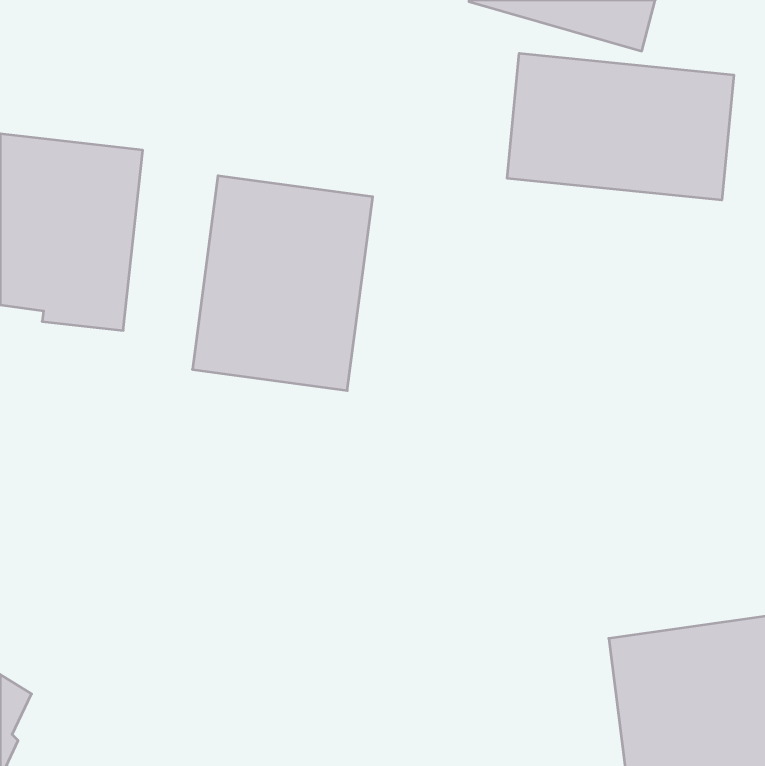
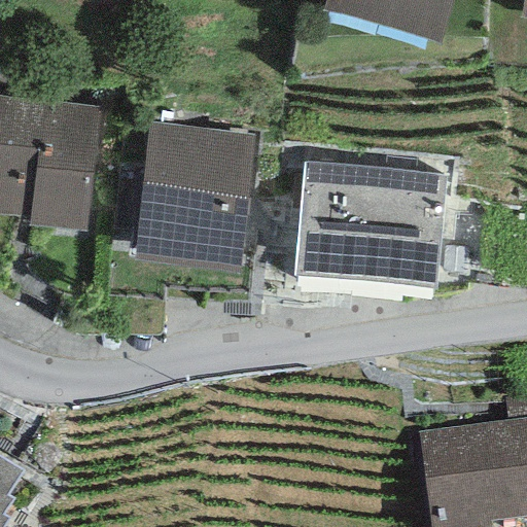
building: [507,53,734,200] -> none
building: none -> [293,162,447,283]

